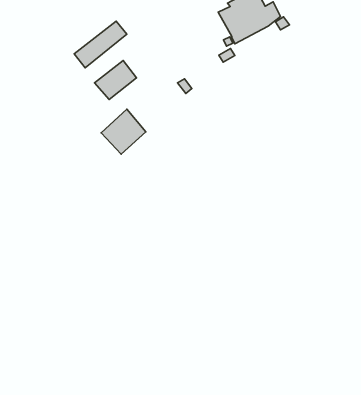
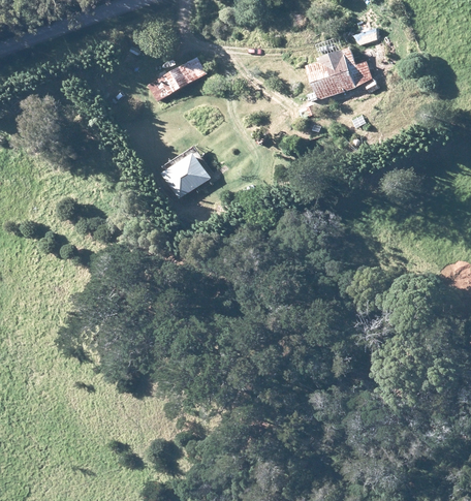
building: [95,60,137,100] -> none

